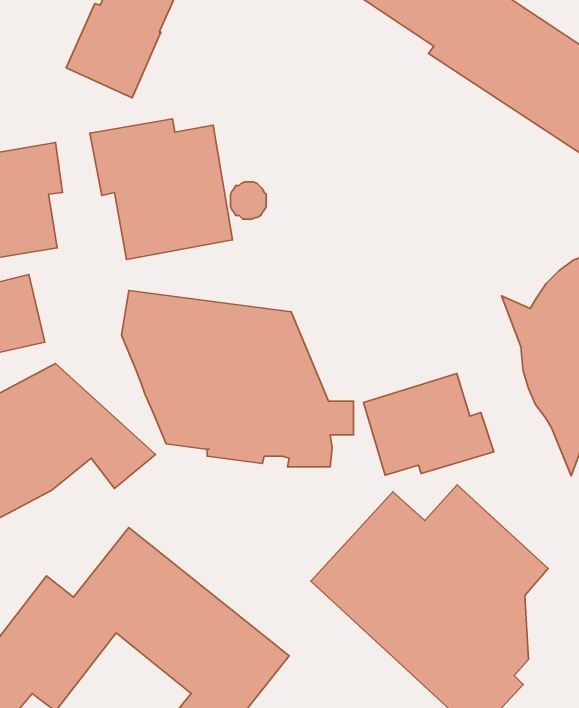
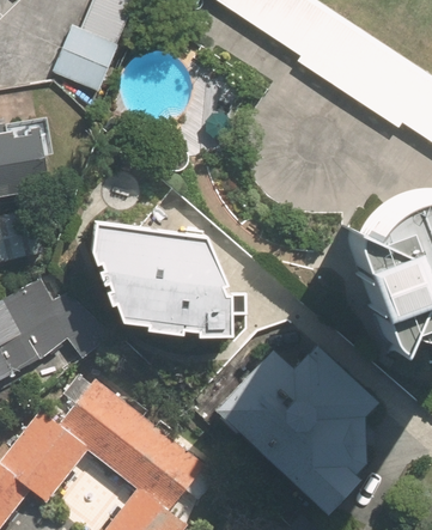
building: [90,119,233,260] -> none
building: [363,374,494,475] -> none

